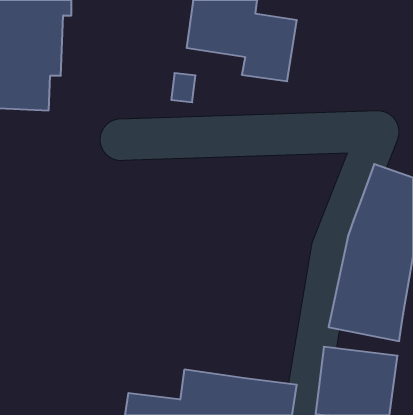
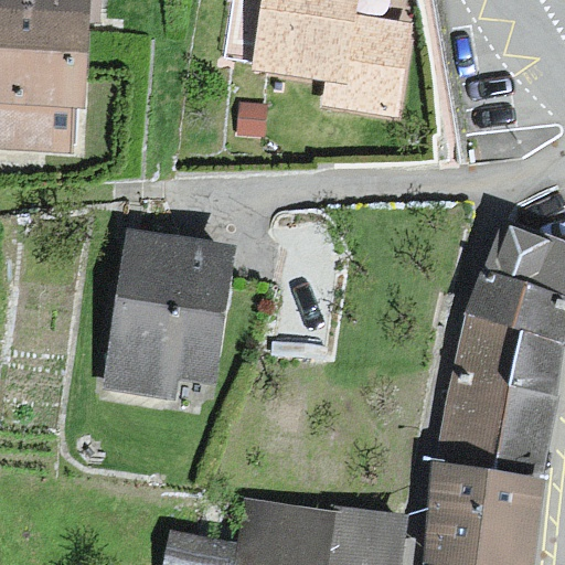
building: none -> [116,239,232,391]

